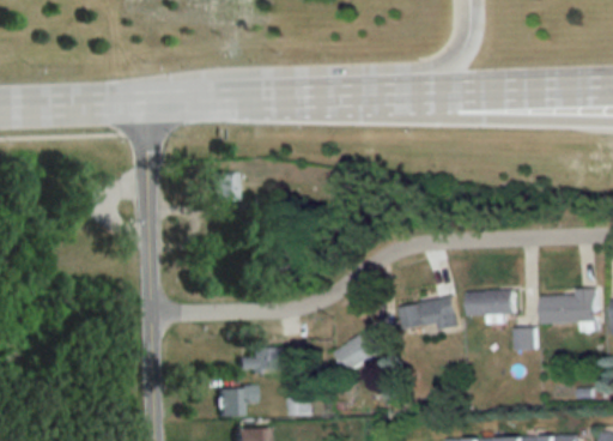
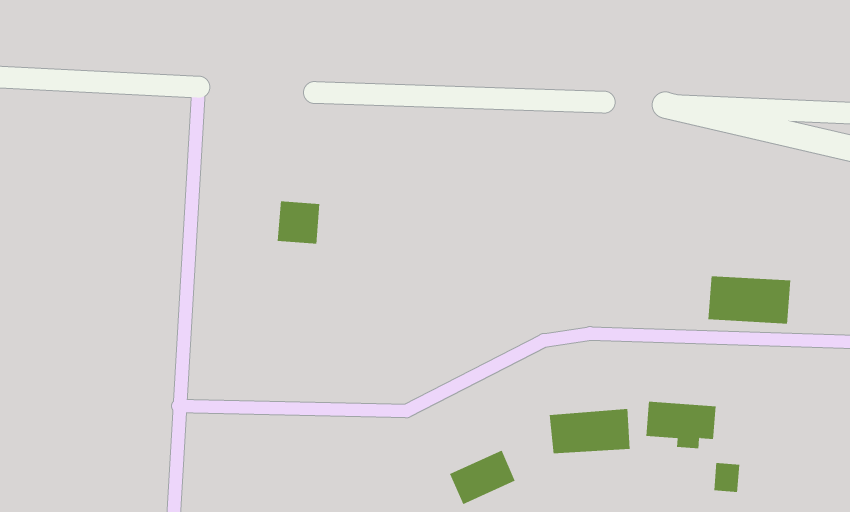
building: [542,291,597,322] -> [707,276,791,324]
building: [238,348,283,370] -> none

